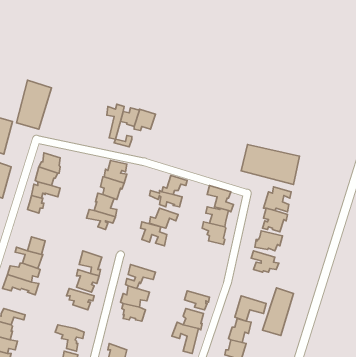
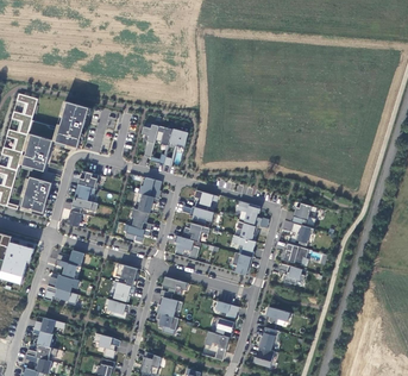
building: [241,145,300,185] -> none
building: [262,288,294,336] -> none

